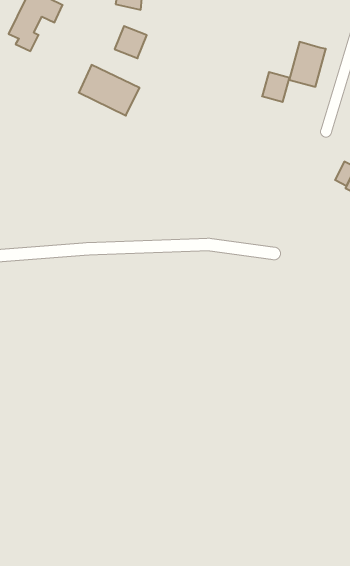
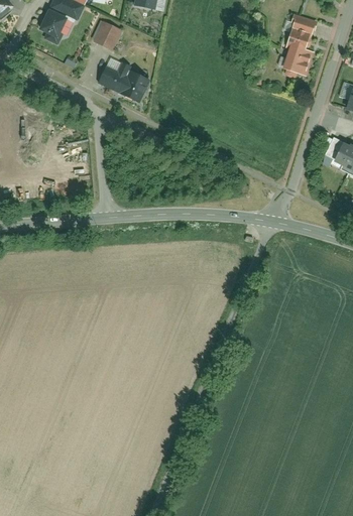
building: [115,26,147,58] -> [99,23,127,51]
building: [262,72,290,102] -> [291,16,316,42]

